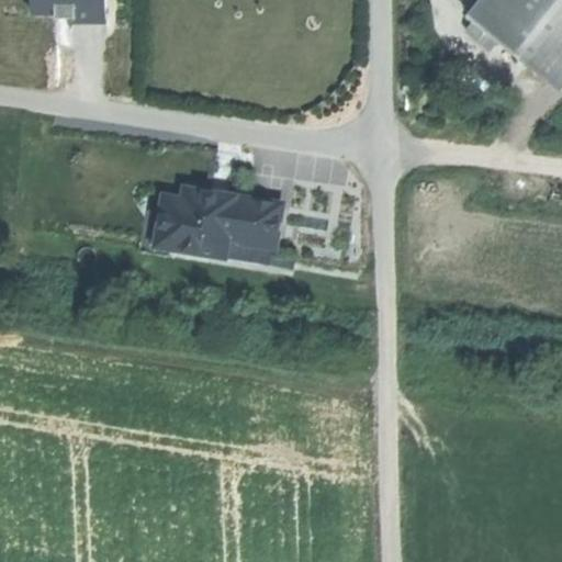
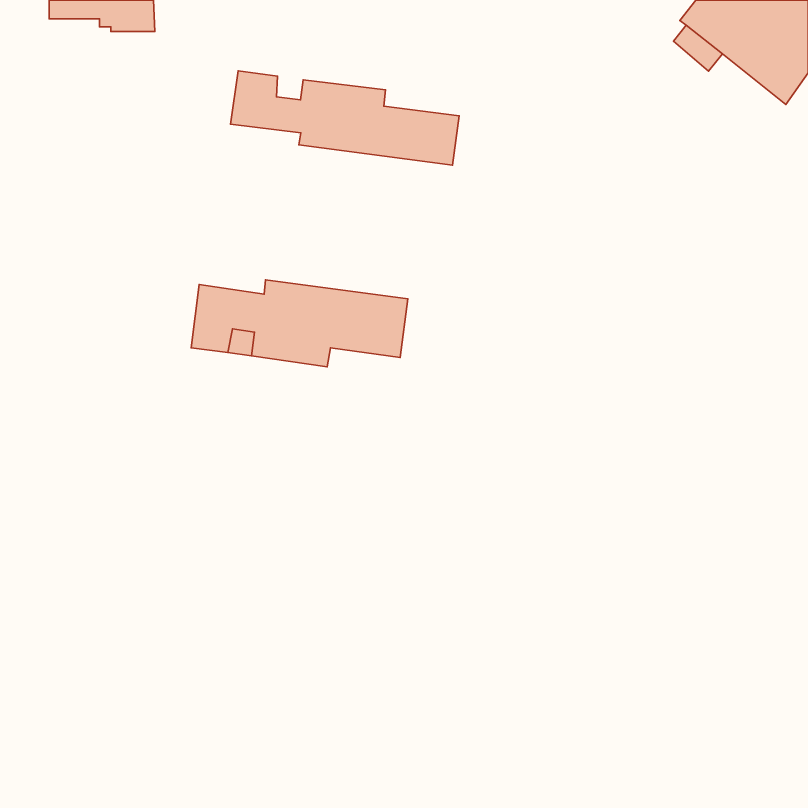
building: none -> [231,71,459,165]

